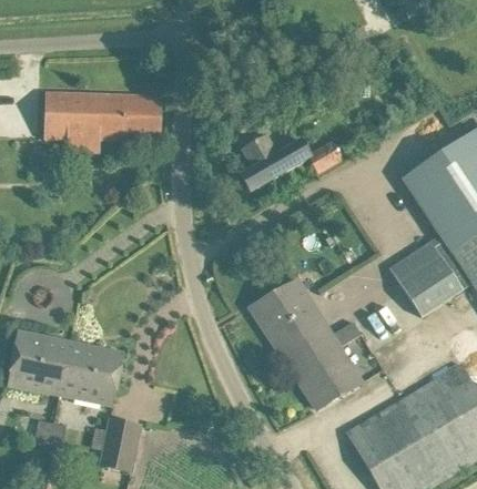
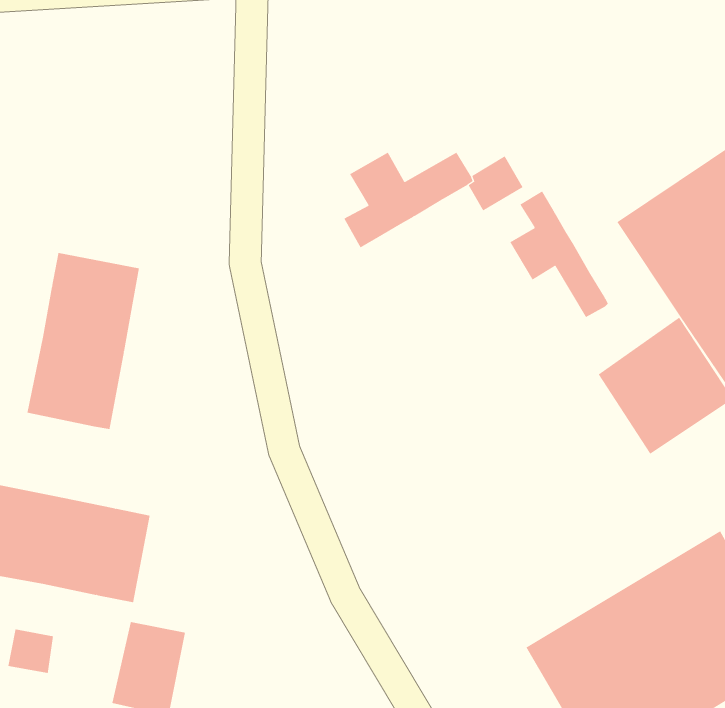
building: [44,92,162,141] -> none
building: none -> [509,190,608,318]
building: none -> [27,252,139,430]
building: [250,279,362,408] -> none

